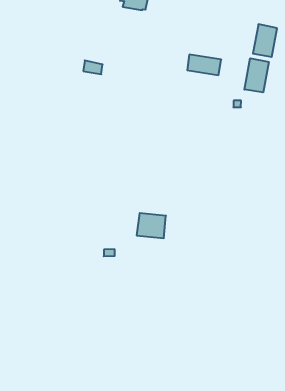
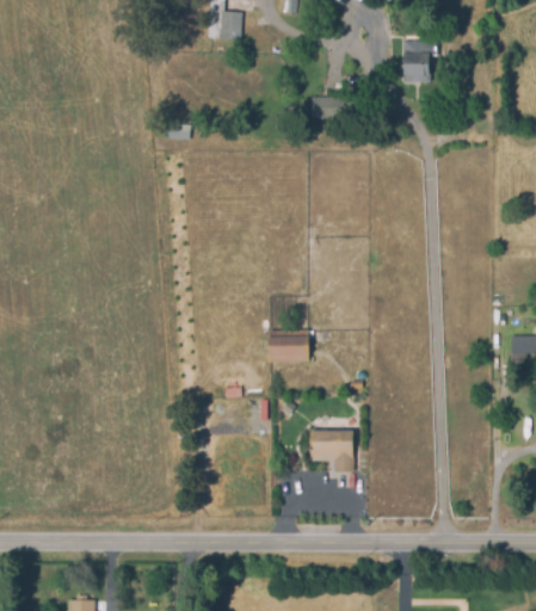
building: [244,58,269,92] -> none
building: none -> [310,430,355,473]

